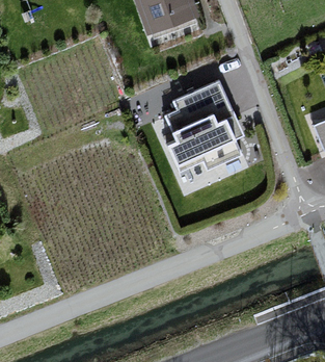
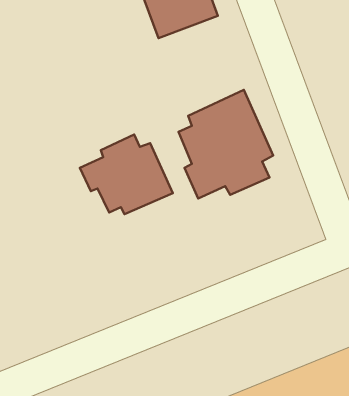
building: none -> [80,134,173,214]

